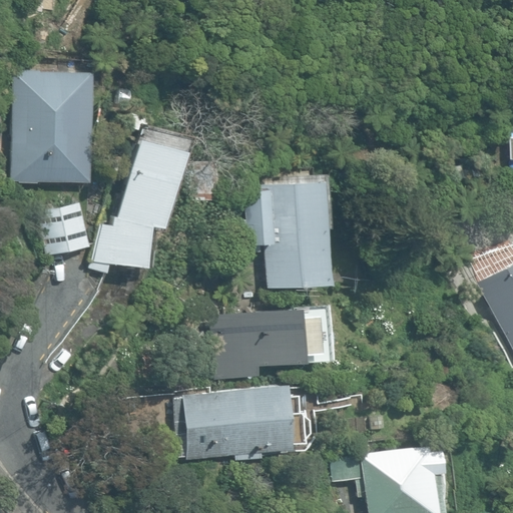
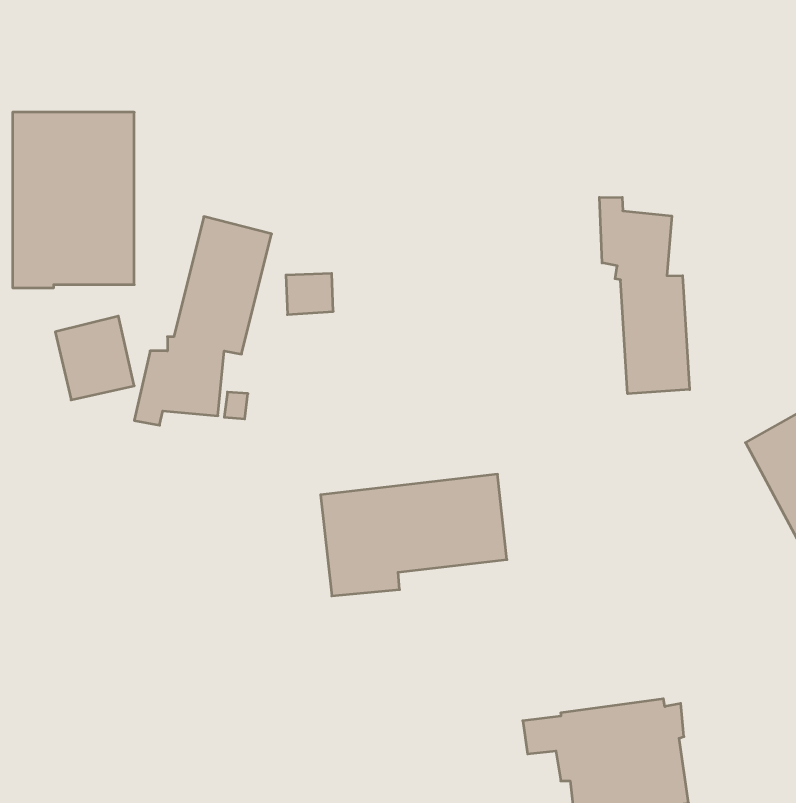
building: none -> [599,197,690,394]
building: [239,181,330,288] -> none
building: [175,384,289,461] -> none

